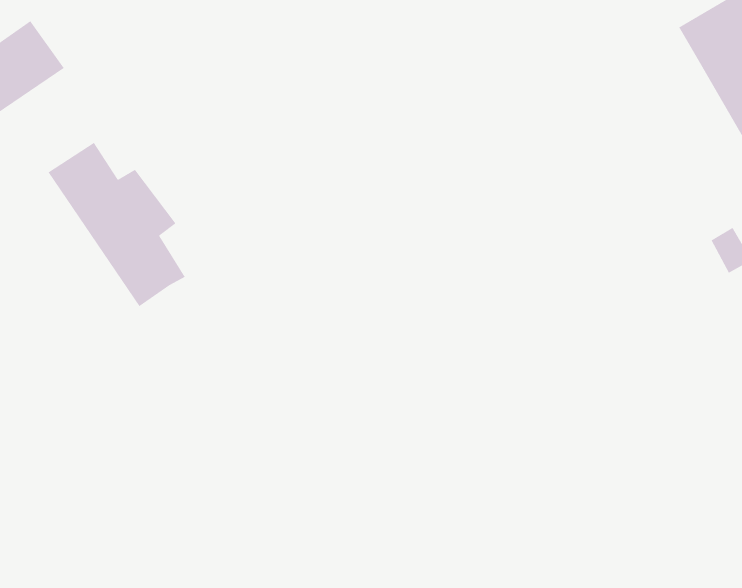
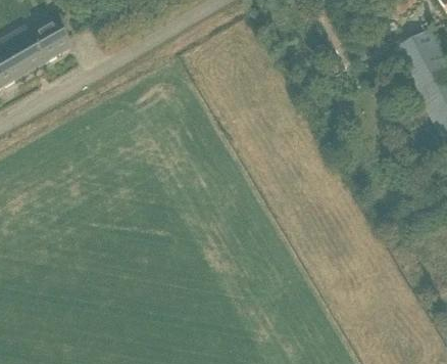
building: [47,142,186,307] -> none

